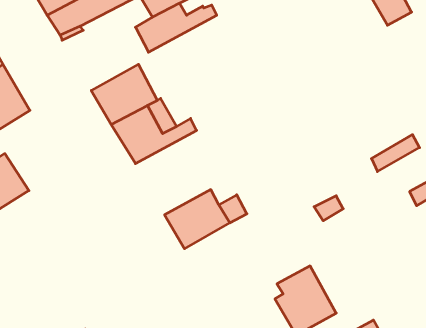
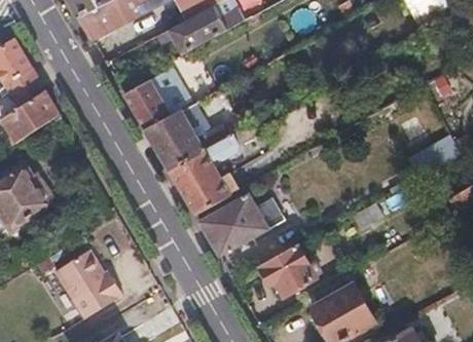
building: none -> [168,136,238,216]
building: none -> [260,244,315,295]
building: none -> [58,252,123,317]

